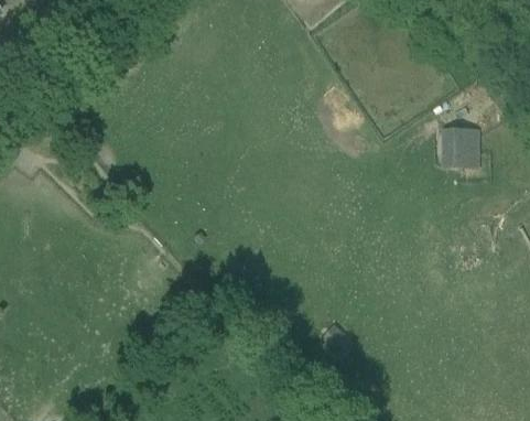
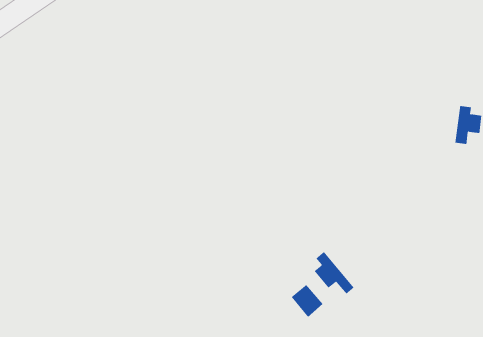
building: none -> [314,251,355,295]

